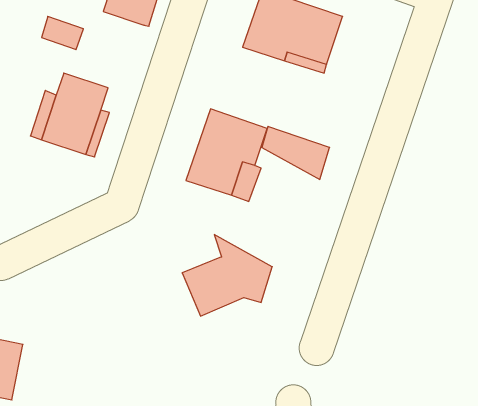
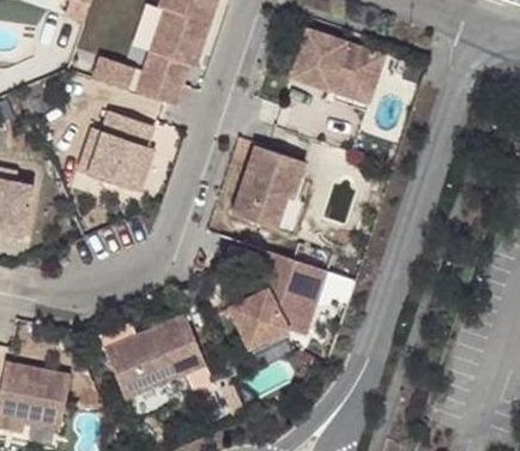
building: none -> [132,50,191,106]
building: [262,126,330,179] -> [259,247,325,299]
building: none -> [102,315,202,398]

